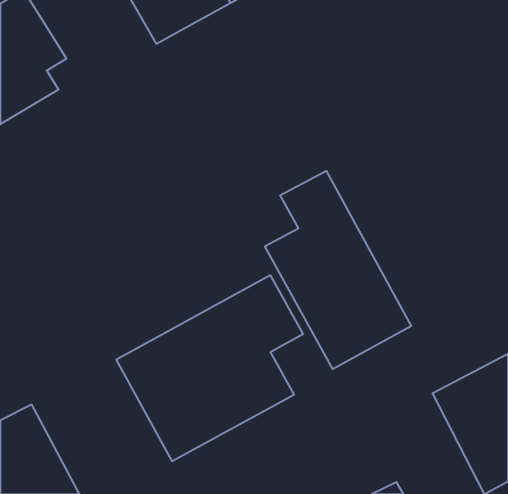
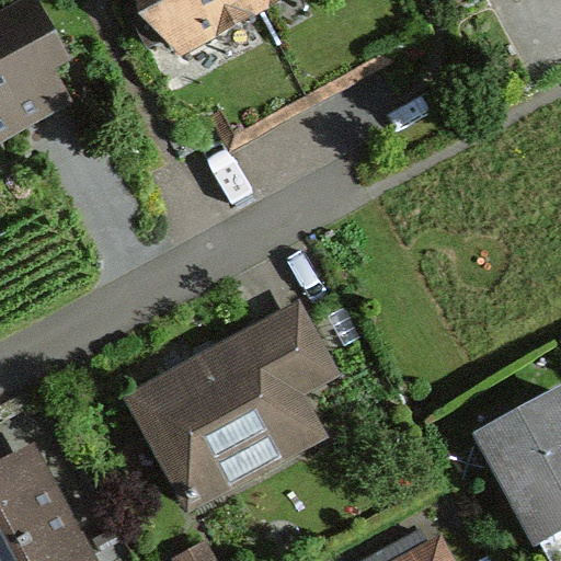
building: [265,171,411,369] -> none

